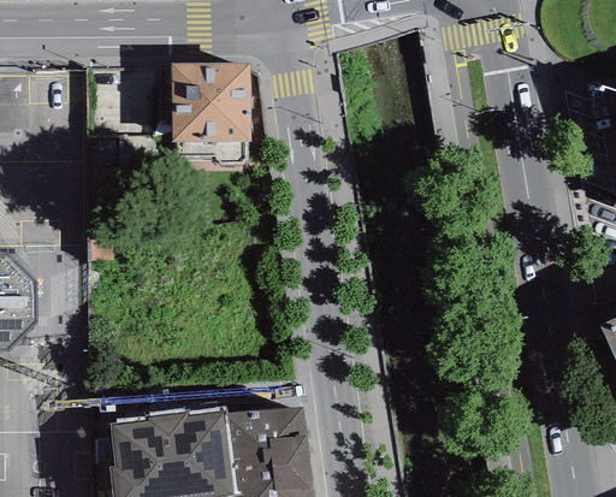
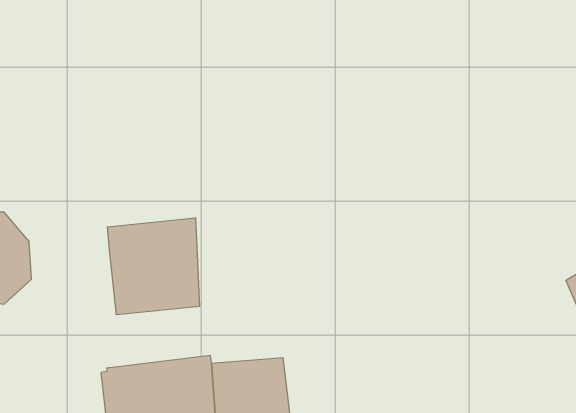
building: [168,65,250,166] -> none
building: none -> [107,218,200,315]

